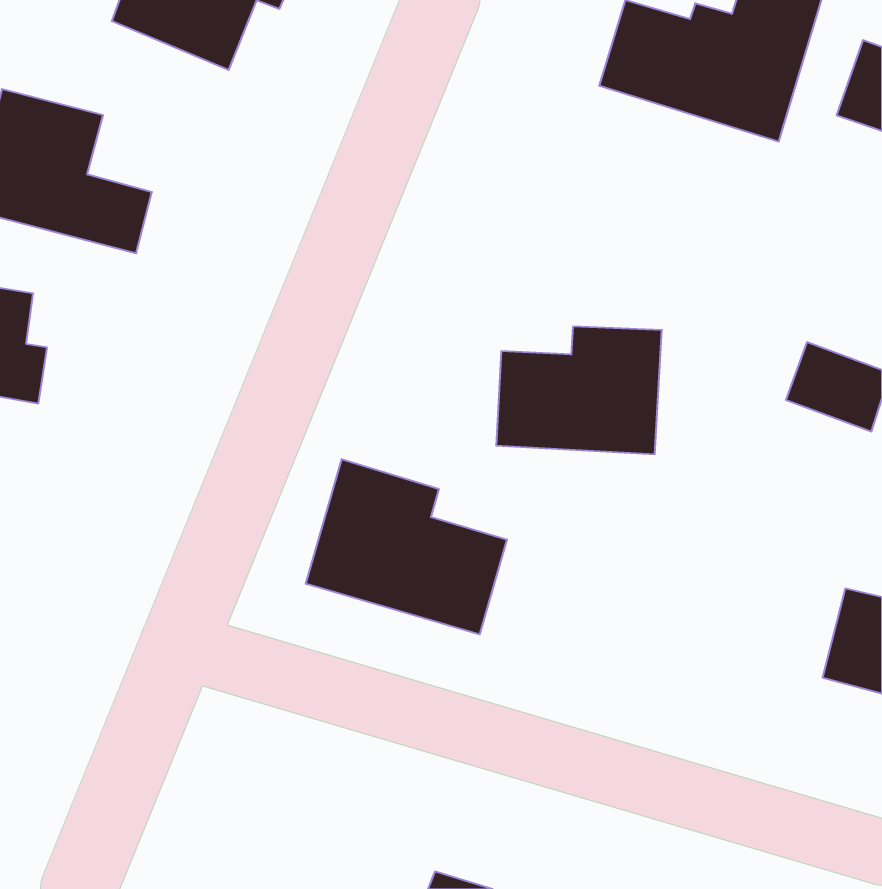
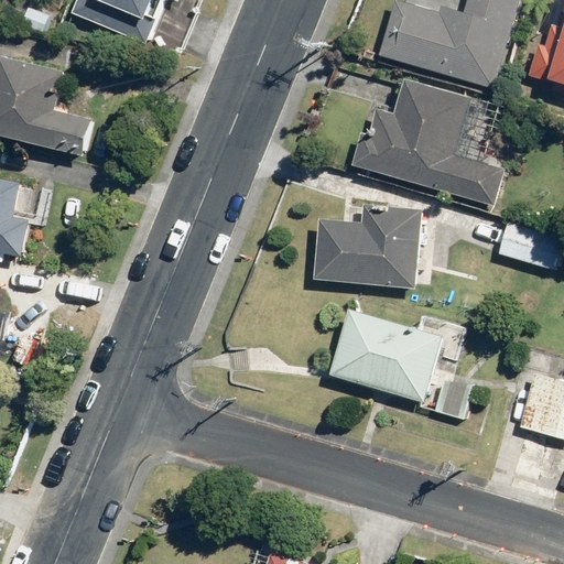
building: none -> [351,77,505,206]
building: [306,459,507,634] -> none
building: none -> [330,308,473,421]

